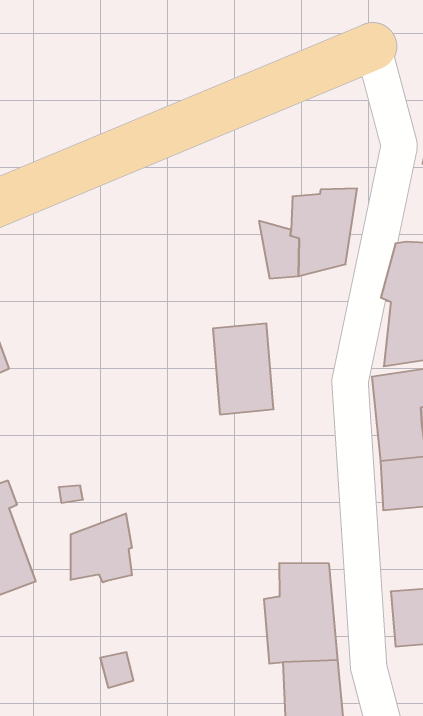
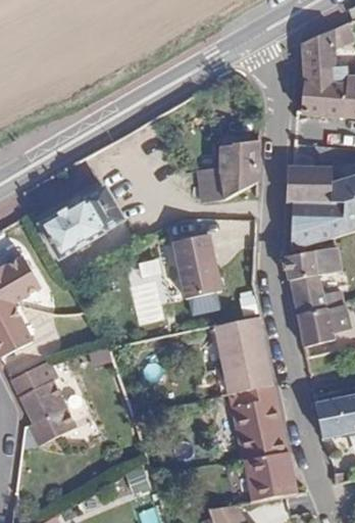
building: none -> [33,199,115,268]
building: none -> [212,318,271,394]
building: [71,513,132,582] -> none

